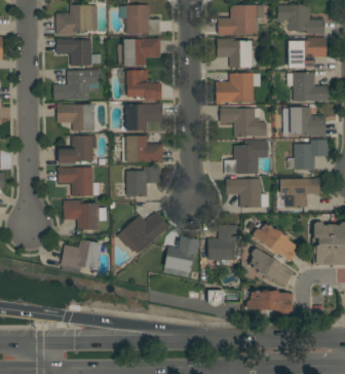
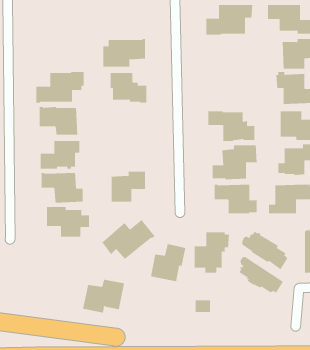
building: [55,5,98,35] -> none
building: [125,5,160,34] -> none
building: [56,39,101,66] -> none
building: [217,39,251,68] -> none
building: [216,73,261,105] -> none
building: [121,103,162,132] -> none
building: [122,136,163,163] -> none
building: [60,240,101,273] -> [82,279,125,313]
building: [245,289,293,314] -> none

